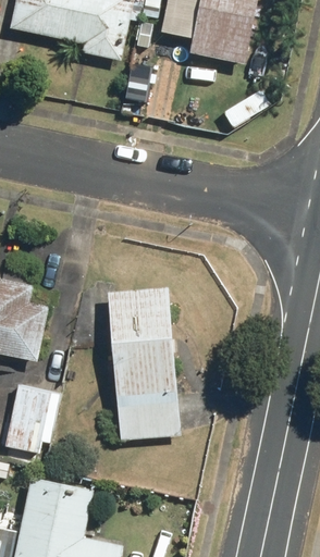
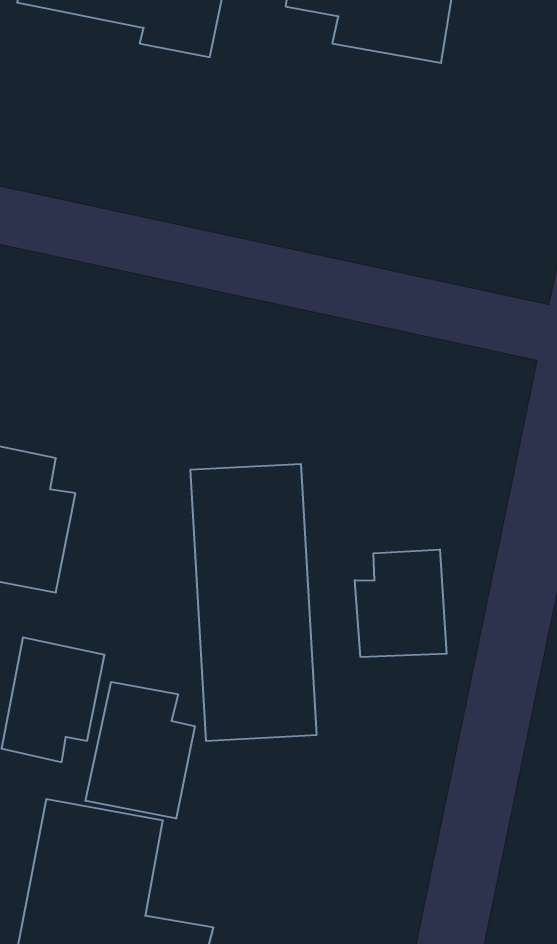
building: none -> [355,549,447,657]
building: none -> [85,682,195,819]

